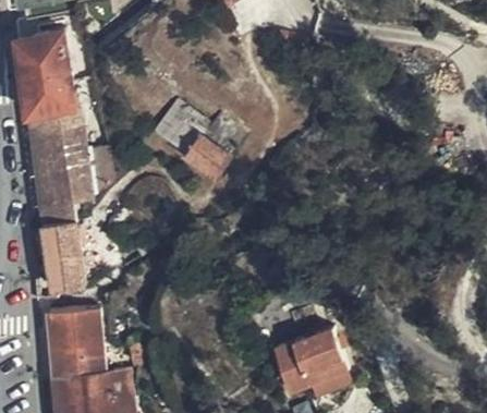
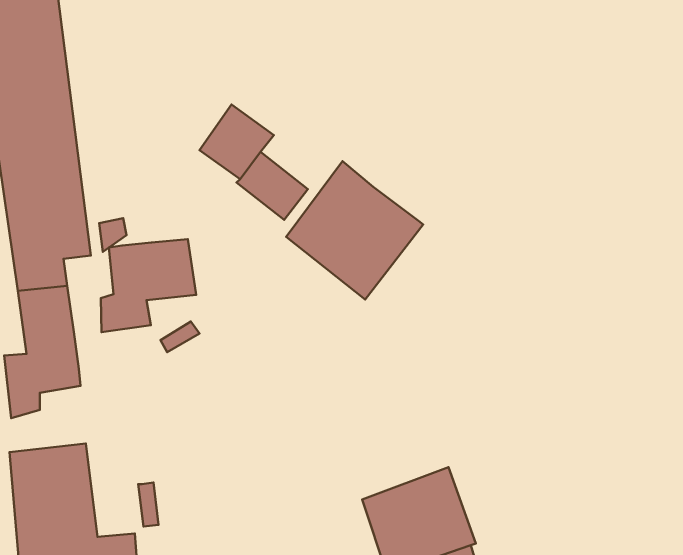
building: none -> [286,161,423,300]
building: none -> [101,239,196,332]

